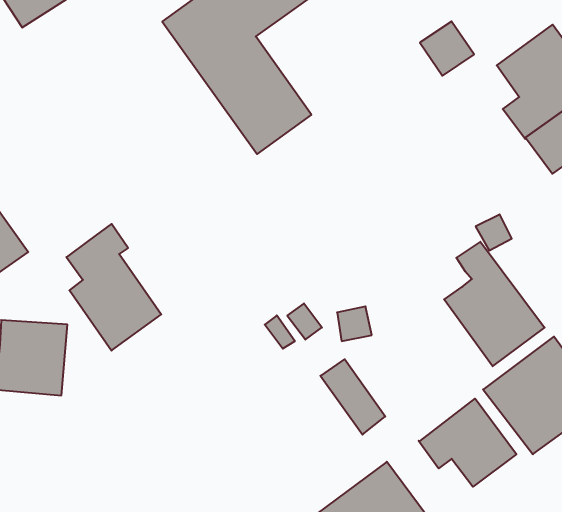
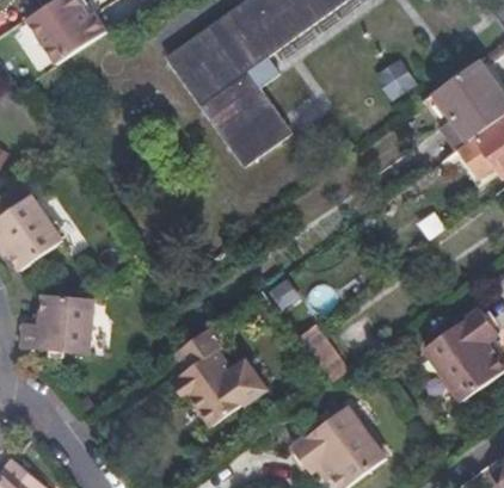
building: [66,224,161,351] -> [174,326,250,426]
building: [444,242,545,366] -> none
building: [419,399,516,487] -> none

